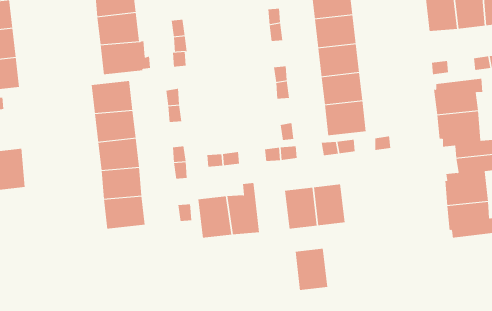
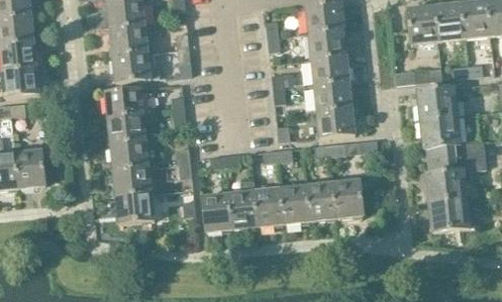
building: none -> [331,179,364,217]
building: [295,248,328,290] -> [254,188,284,226]

